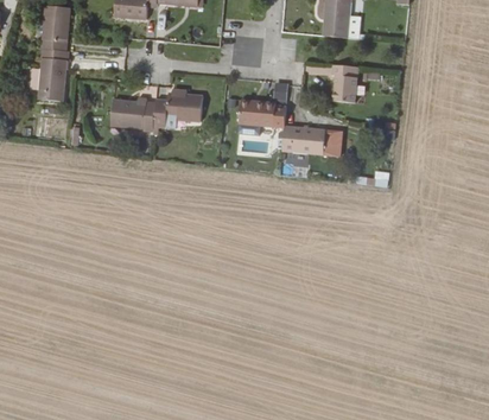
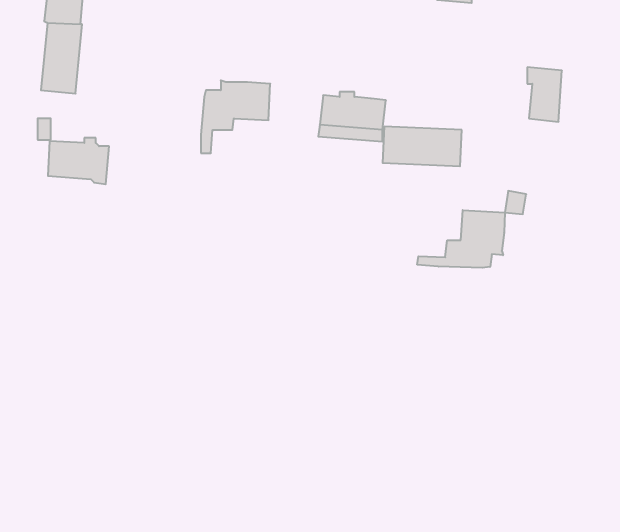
building: [332,62,357,101] -> [527,67,562,122]
building: [113,97,157,131] -> [48,138,109,184]
building: none -> [417,210,505,268]

